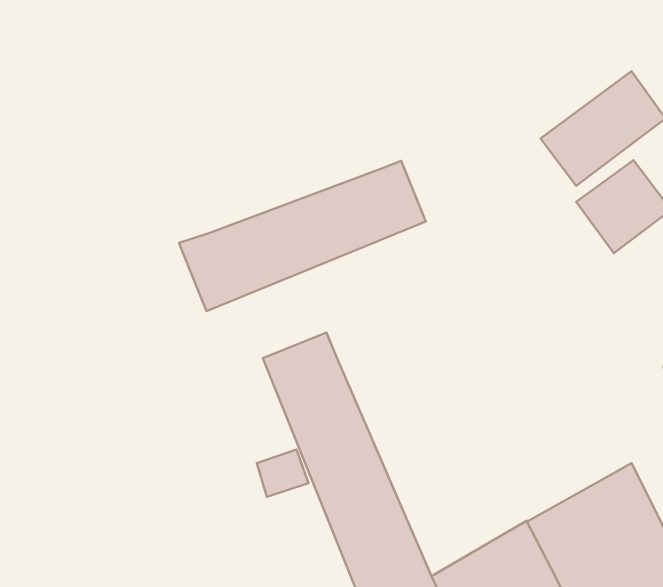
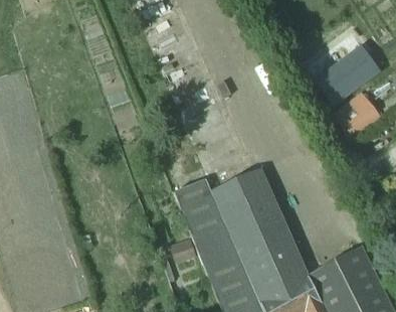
building: [179,161,426,311] -> none
building: none -> [211,168,309,303]

